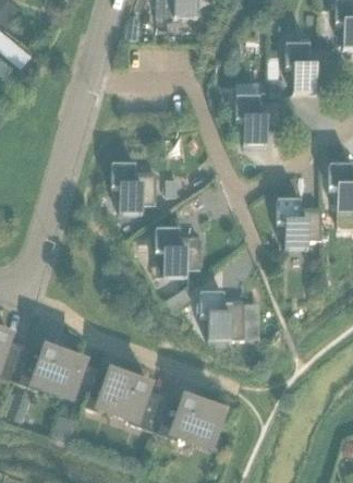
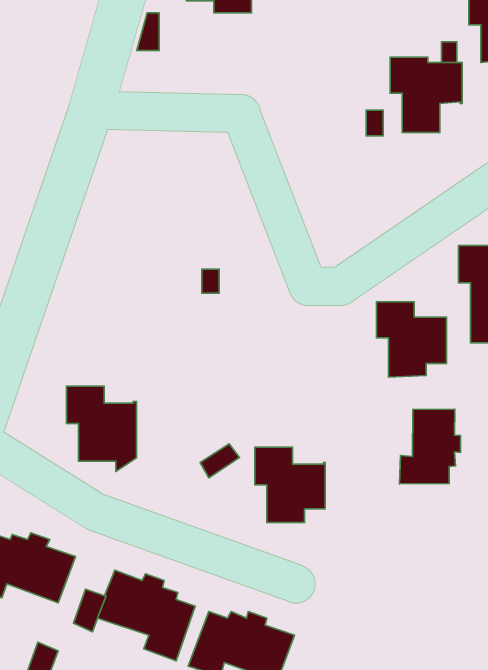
building: [234,96,280,144] -> none
building: [110,164,155,212] -> none
building: [155,228,199,282] -> [66,386,137,472]
building: none -> [399,409,461,484]

